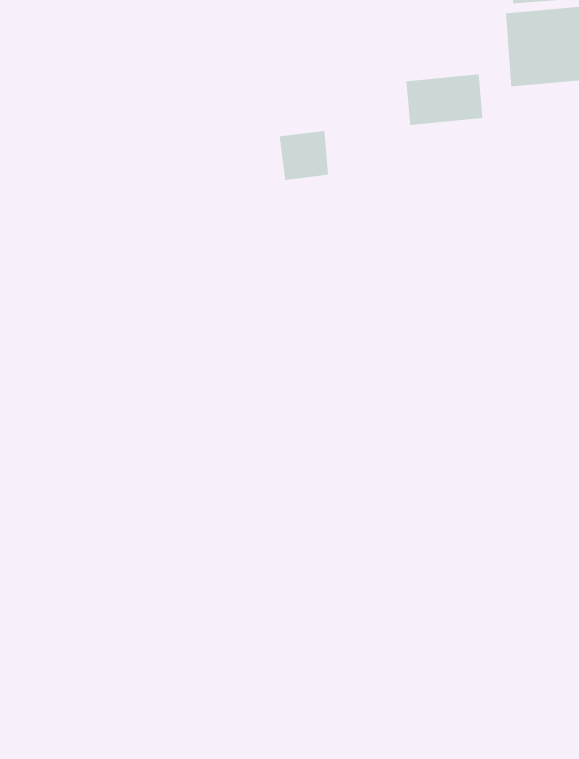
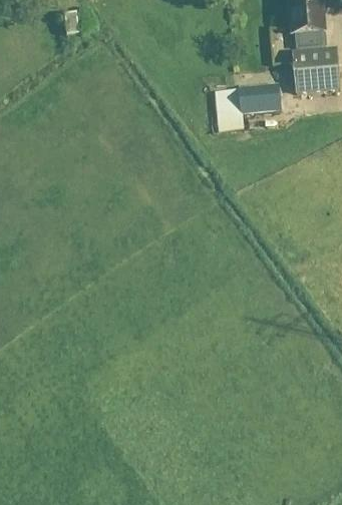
building: [279,131,329,180] -> [214,89,241,116]

